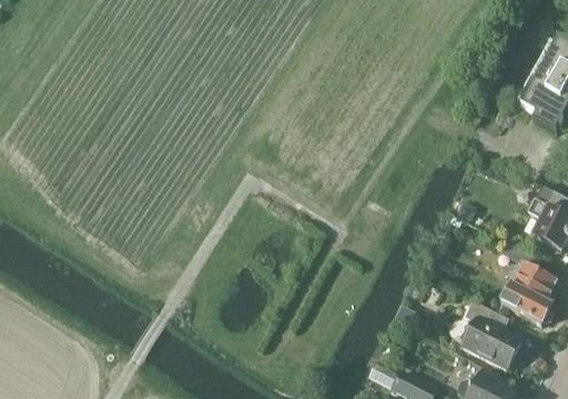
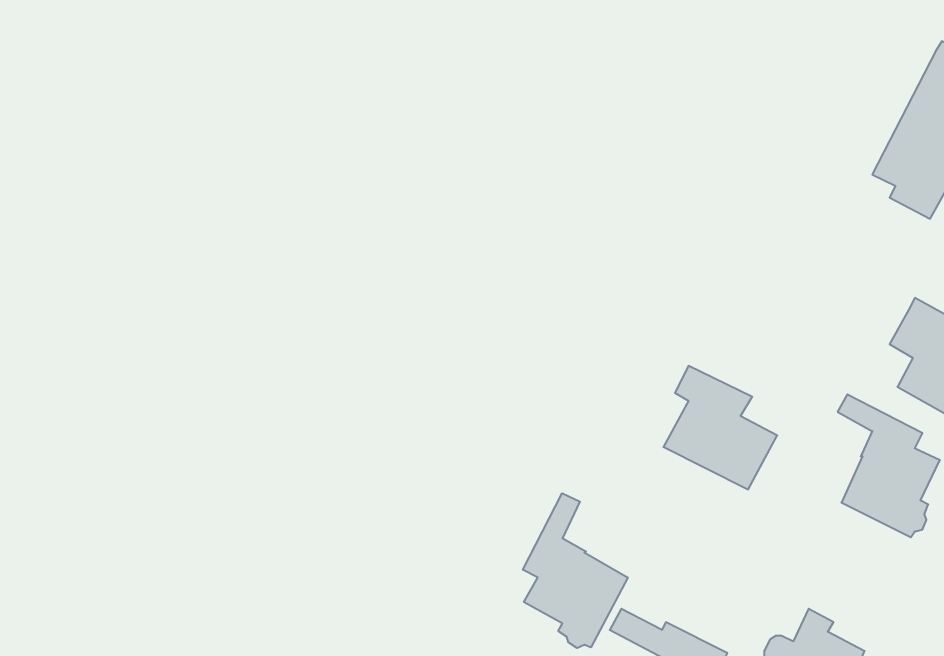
building: none -> [523,493,628,648]
building: [458,299,524,370] -> [663,366,777,489]

